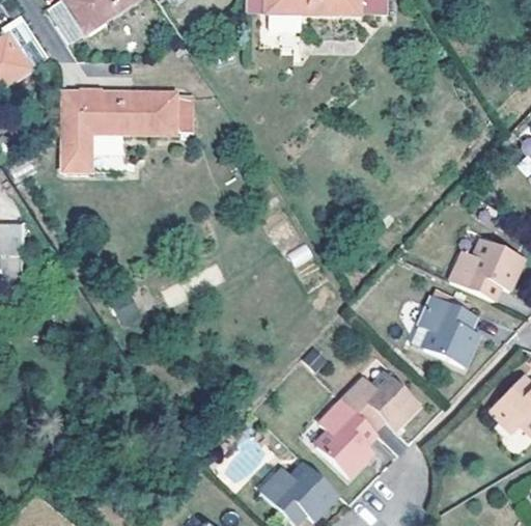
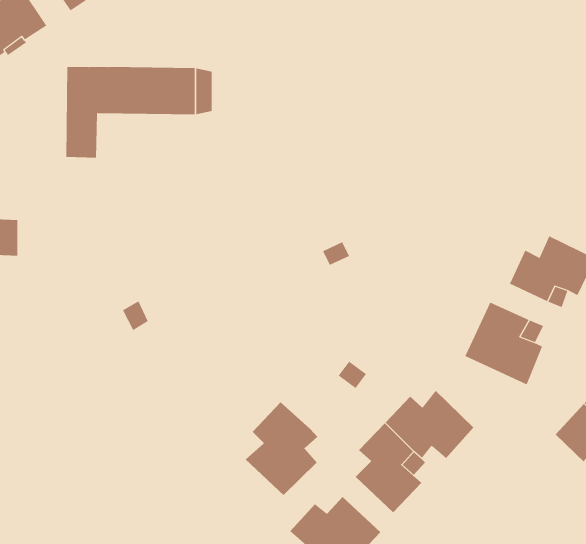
building: none -> [245,401,318,496]

